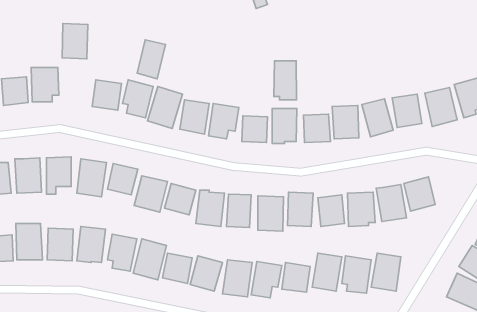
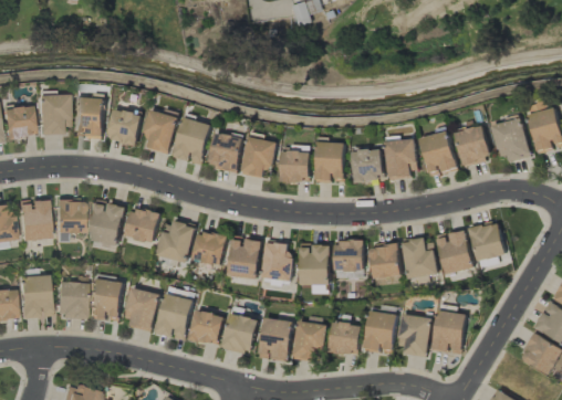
building: [62,24,88,59] -> [74,97,104,138]
building: [137,40,165,79] -> none
building: [274,61,297,100] -> none

